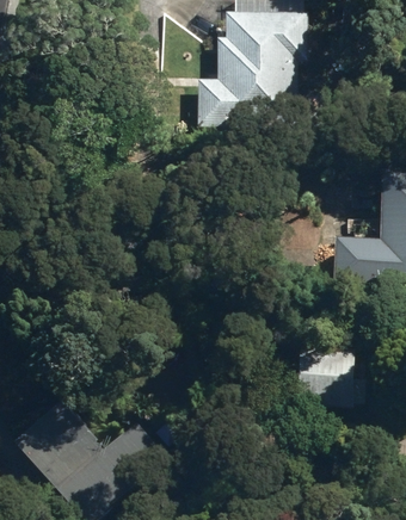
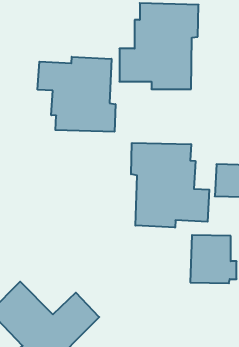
building: none -> [38,57,115,132]
building: none -> [131,143,209,228]

